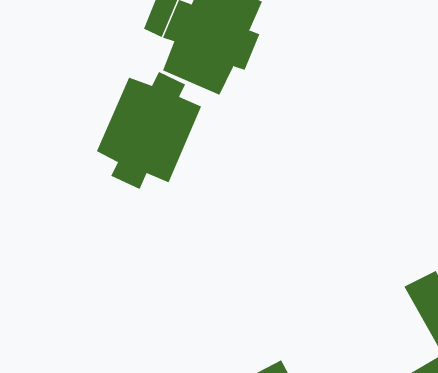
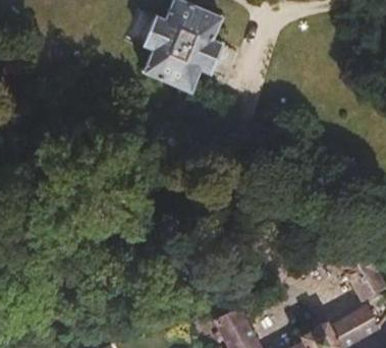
building: [96,71,202,190] -> none

